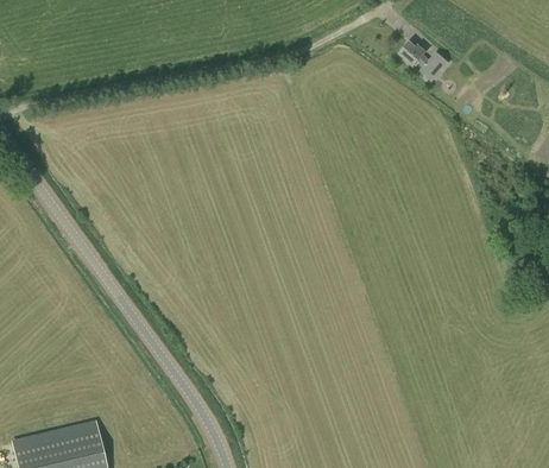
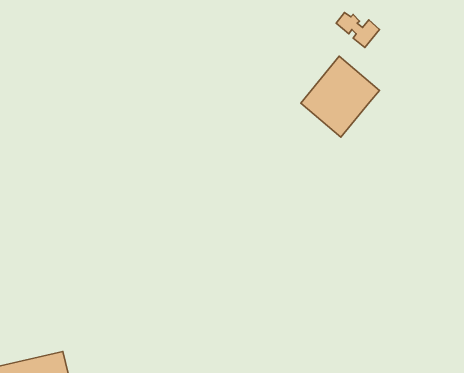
building: none -> [301,56,379,137]

